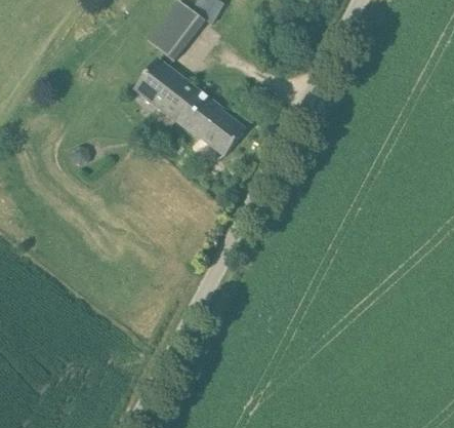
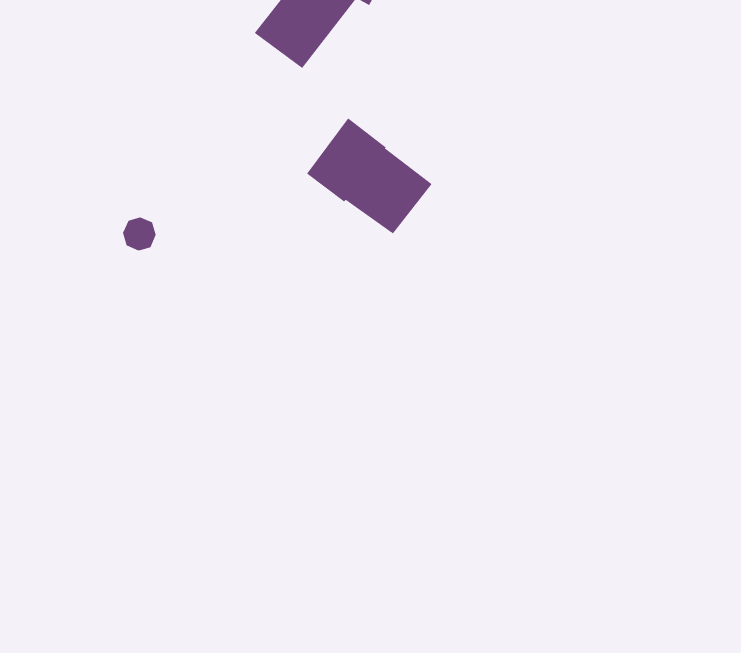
building: [133,55,199,120] -> none

